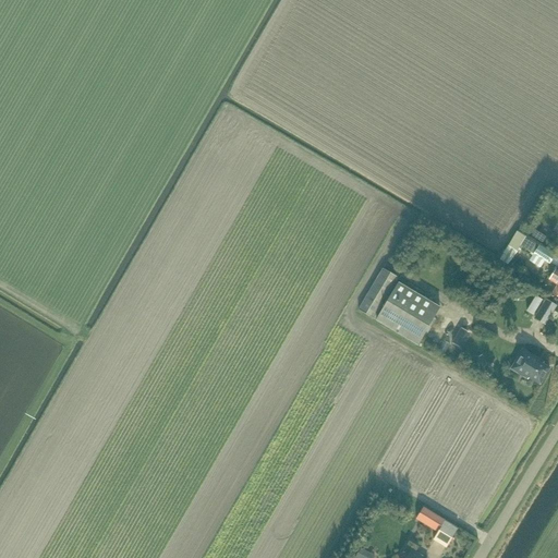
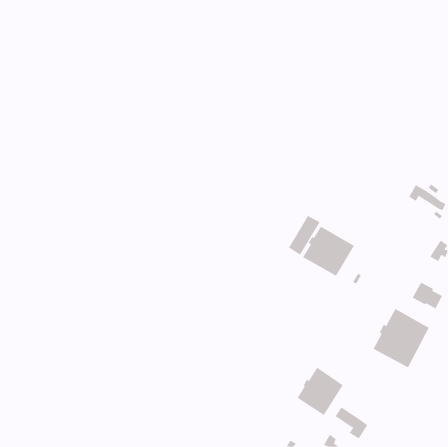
building: none -> [373,308,429,368]
building: none -> [297,367,344,416]

